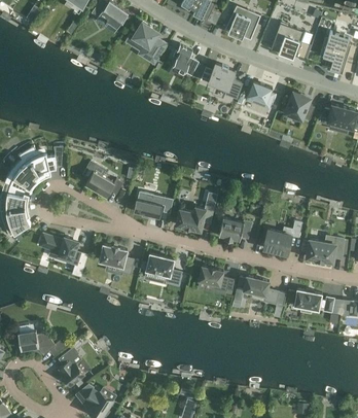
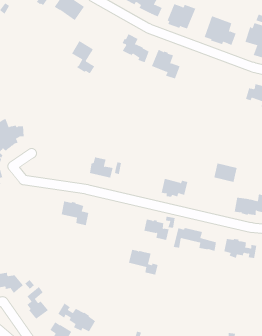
building: [132,20,160,63] -> [71,38,95,74]
building: [245,81,275,110] -> none
building: [284,93,314,121] -> none
building: [85,172,122,197] -> none
building: [175,205,214,232] -> none
building: [262,231,291,254] -> [213,163,238,183]
building: [39,235,86,277] -> none
building: [145,254,181,285] -> [128,249,158,275]
building: none -> [58,303,96,332]

